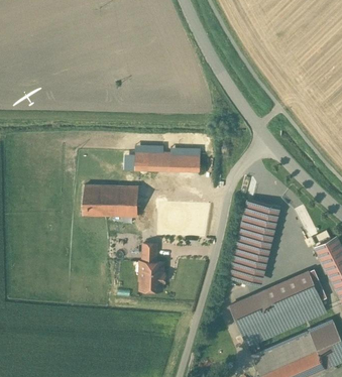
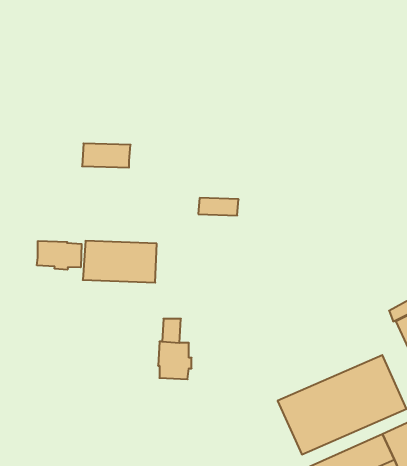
building: [134,153,170,171] -> [82,143,131,168]
building: none -> [37,241,82,270]
building: [229,202,270,282] -> none

